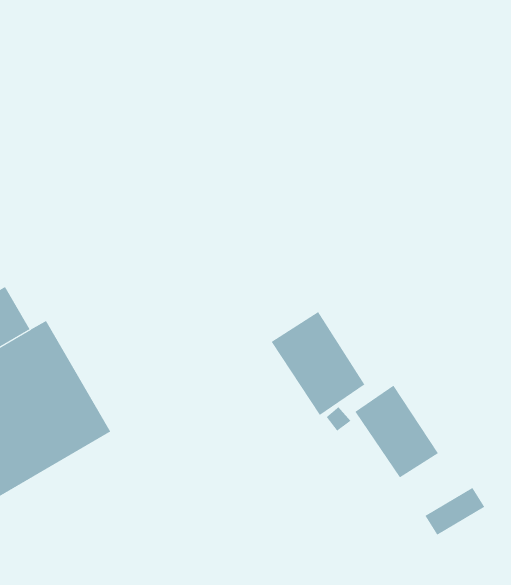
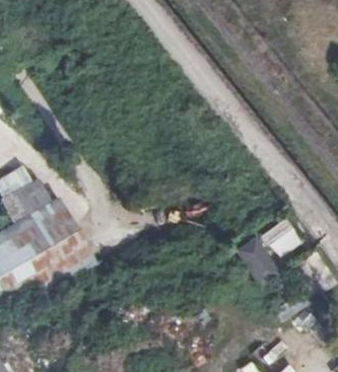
building: [271,311,365,416] -> none

